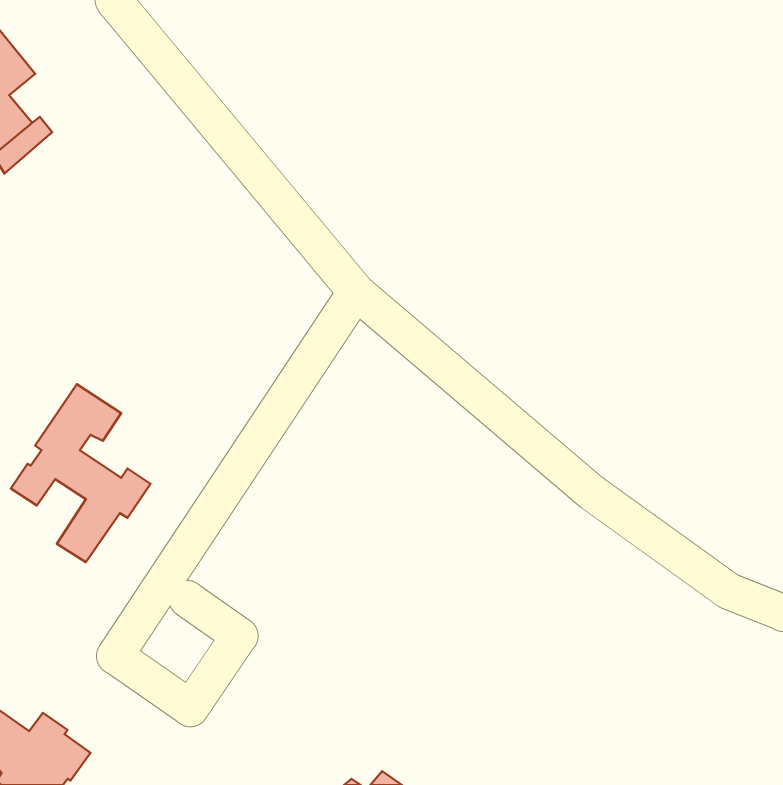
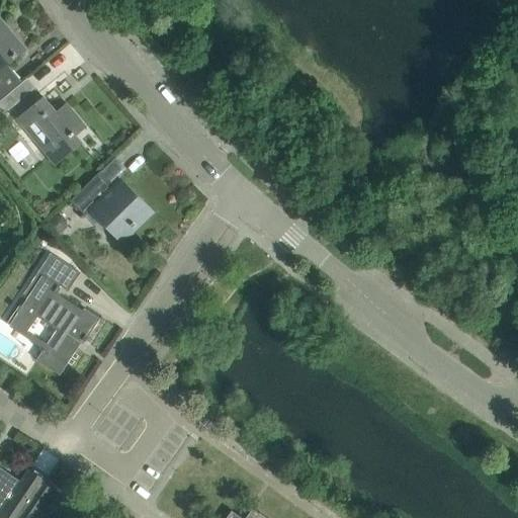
building: none -> [15,96,85,165]
building: none -> [70,170,150,240]

